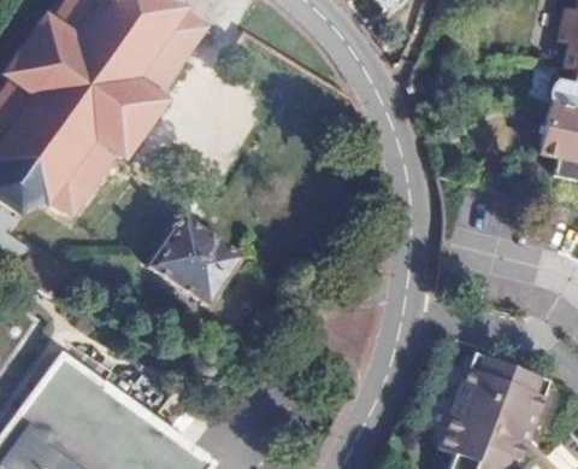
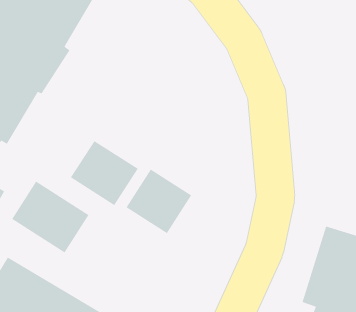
building: none -> [125,169,192,234]
building: none -> [11,180,89,254]

